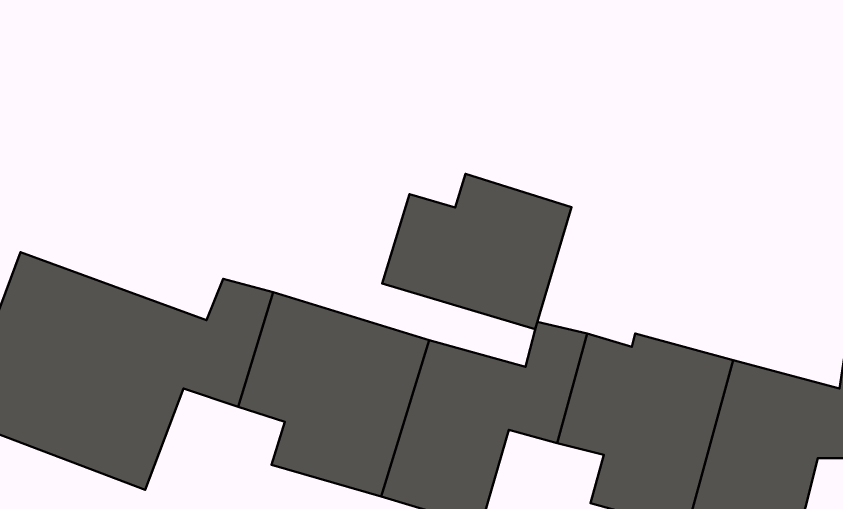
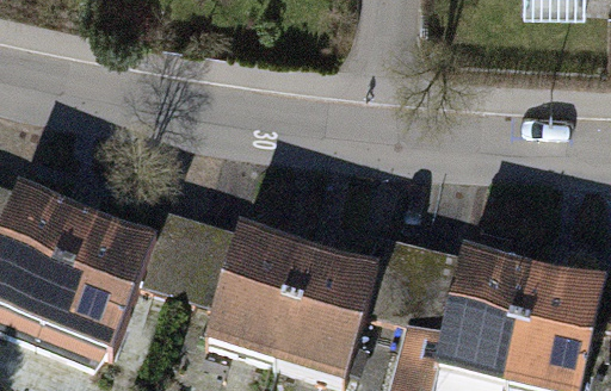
building: [382,174,572,329] -> none

